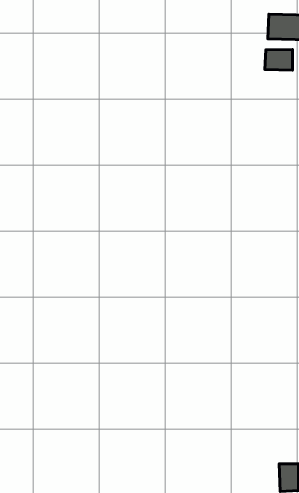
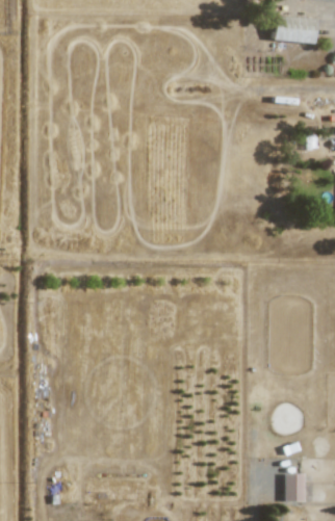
building: [265,49,293,70] -> none

